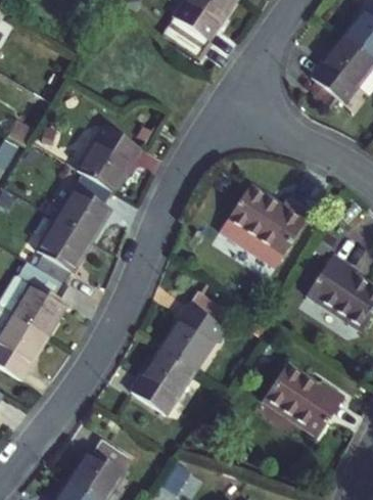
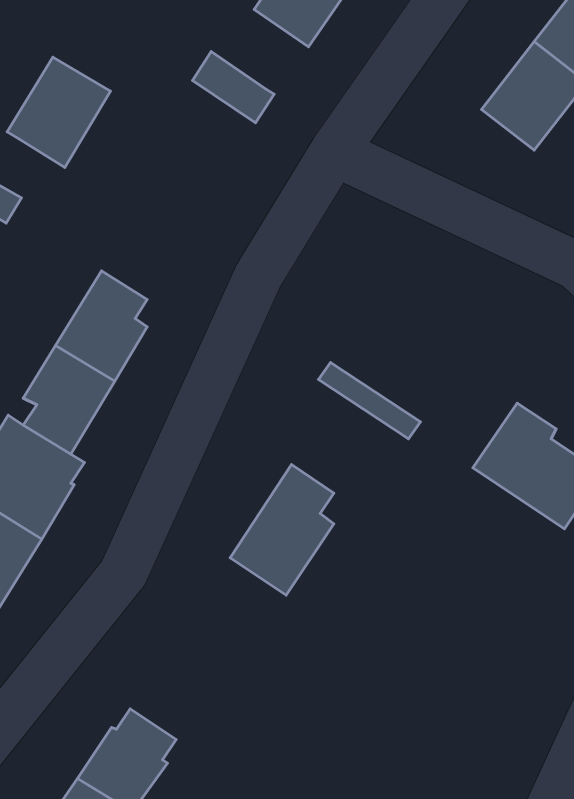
building: [164,17,213,60] -> [193,52,274,123]
building: [76,126,138,192] -> [7,57,111,168]
building: [227,186,311,256] -> none
building: [131,348,194,414] -> none
building: [263,366,344,437] -> none

